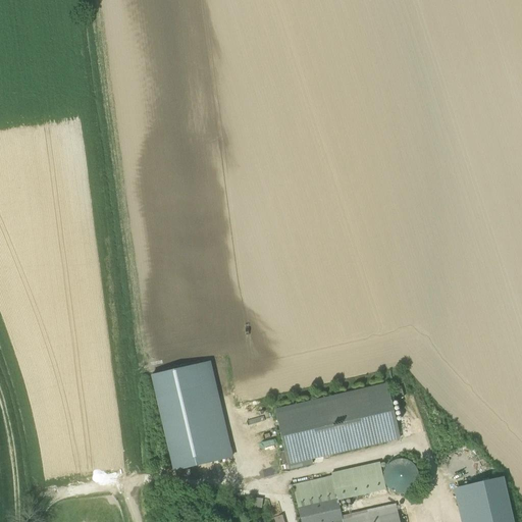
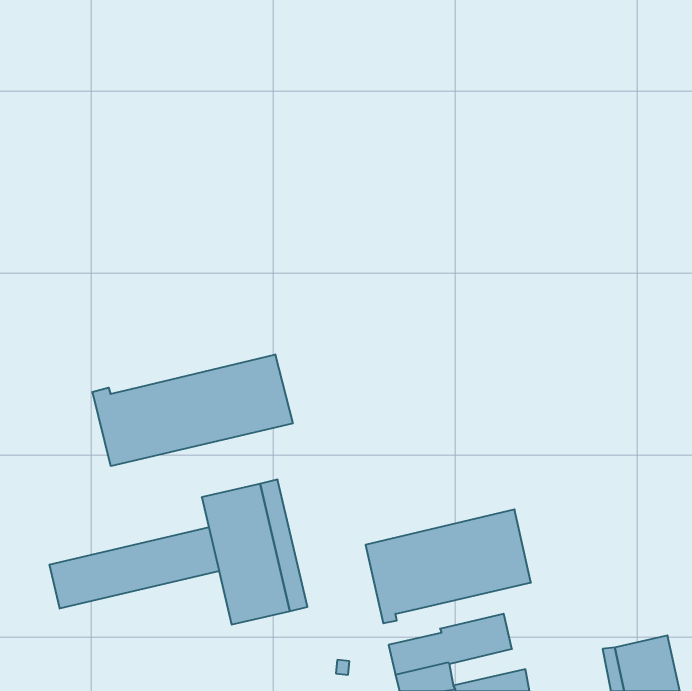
building: none -> [92,354,293,466]
building: none -> [49,527,219,609]
building: [384,459,418,493] -> none

